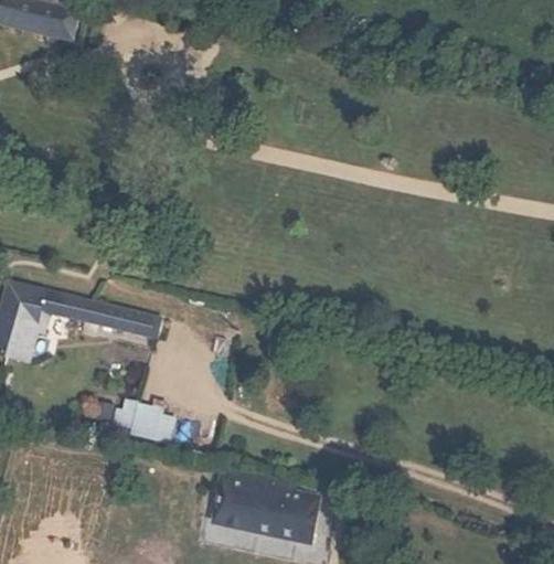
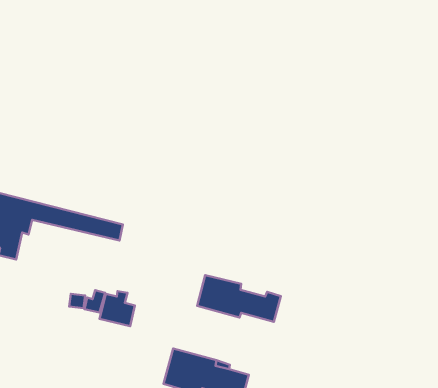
building: none -> [197,275,281,322]

